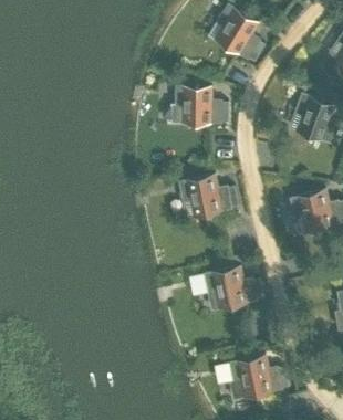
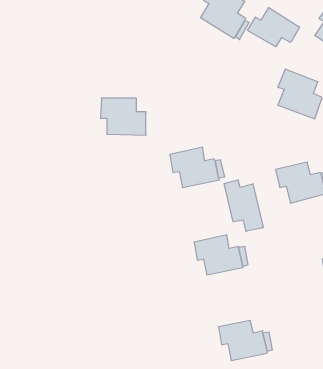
building: none -> [248,8,299,47]
building: [175,87,222,126] -> [100,98,146,135]
building: none -> [224,180,263,232]

